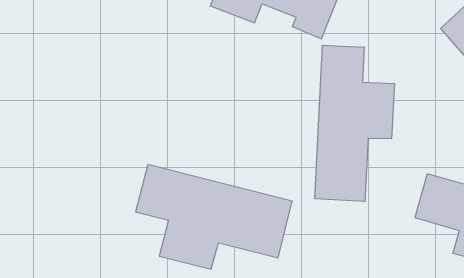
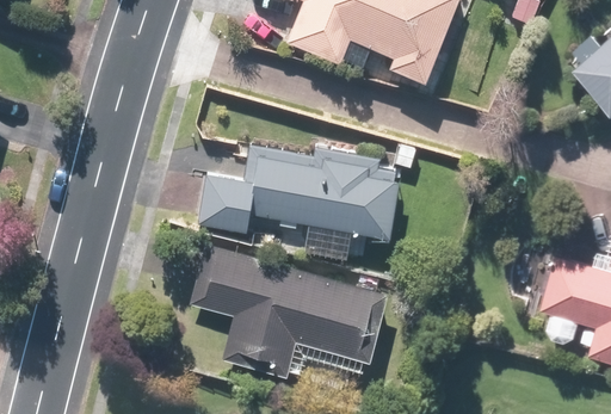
building: [315,45,394,202] -> none
building: none -> [198,144,400,241]

